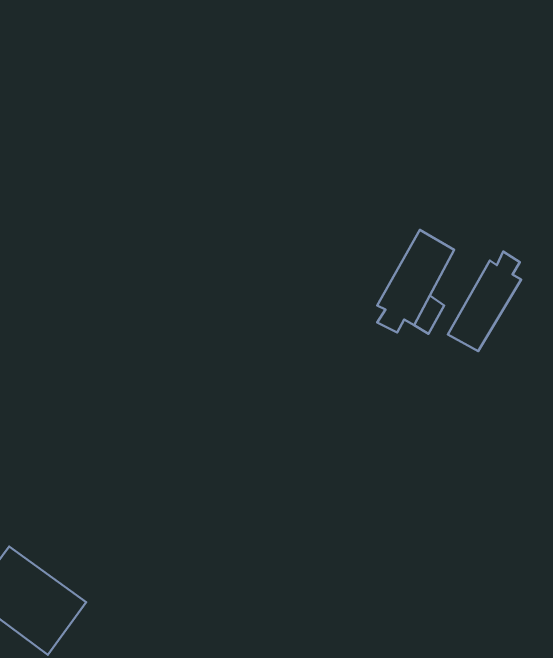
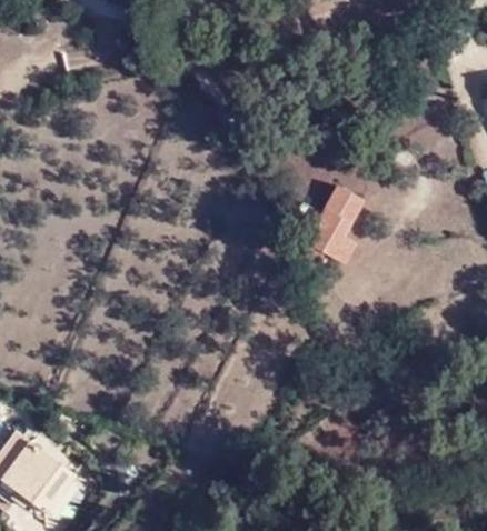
building: [448,251,521,351] -> none

